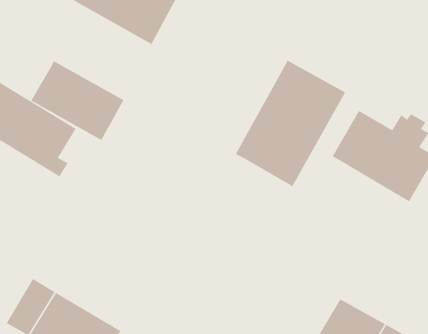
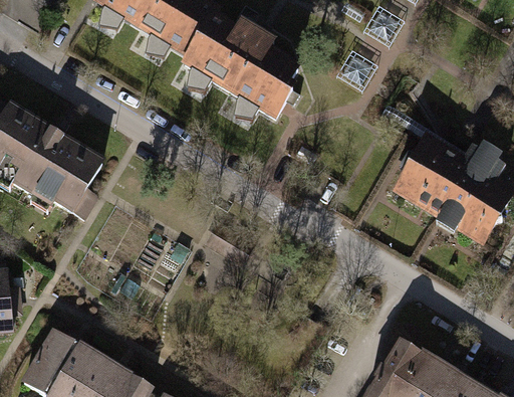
building: none -> [185,17,303,119]
building: [235,60,346,187] -> none
building: [31,61,124,141] -> none

